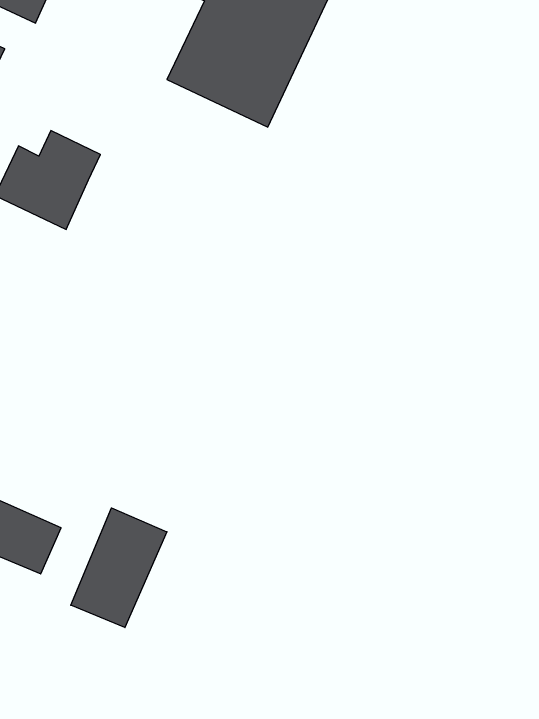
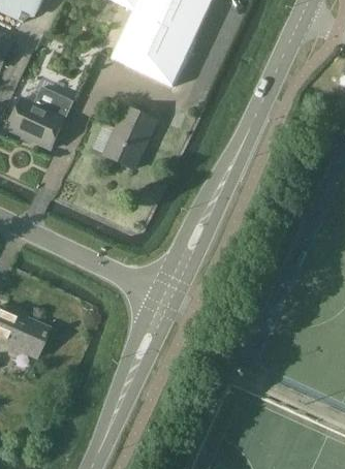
building: none -> [105,105,156,167]
building: [71,508,167,628] -> none

